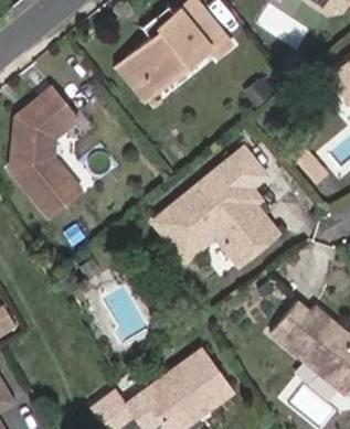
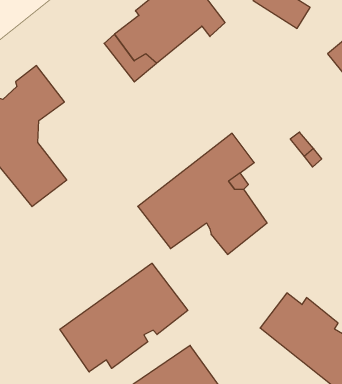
building: none -> [60,263,188,372]

